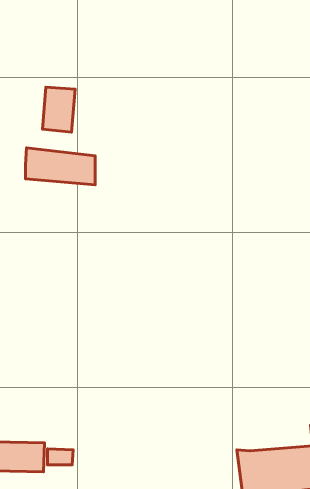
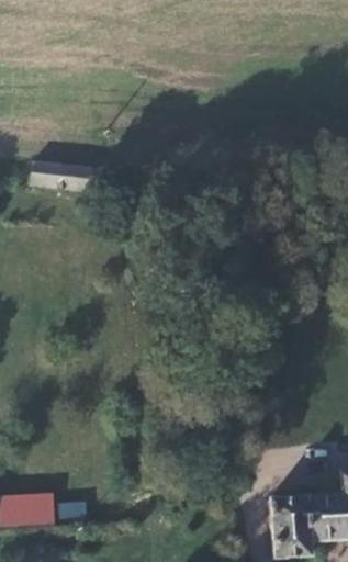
building: [42,87,75,132] -> none

